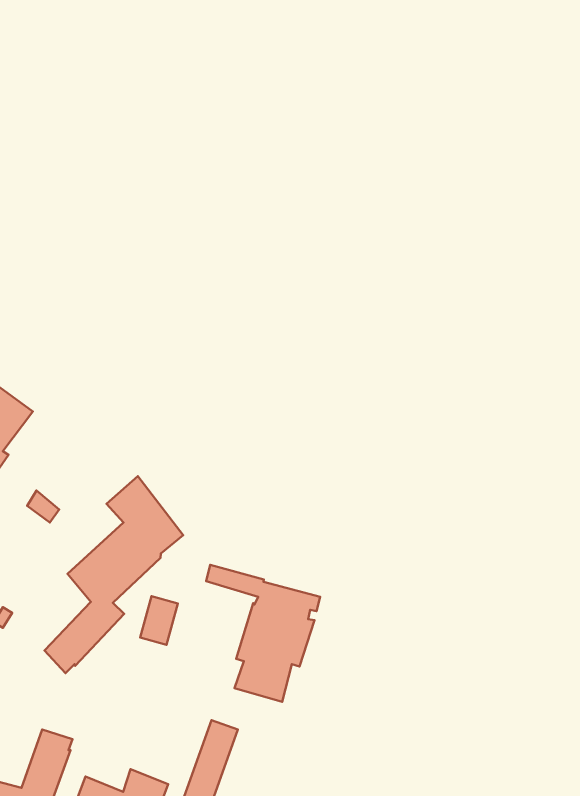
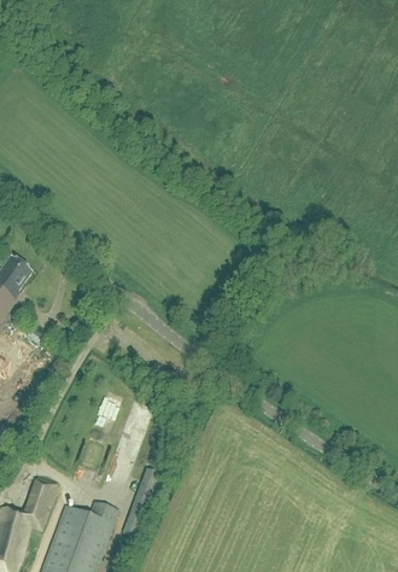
building: [45,476,183,673] -> none
building: [206,565,320,702] -> none

